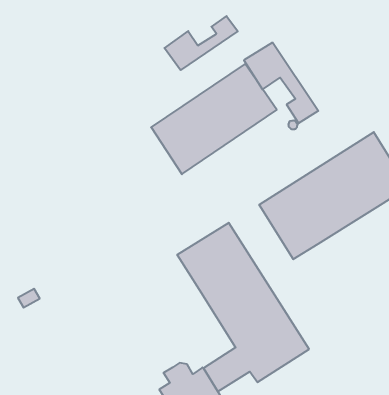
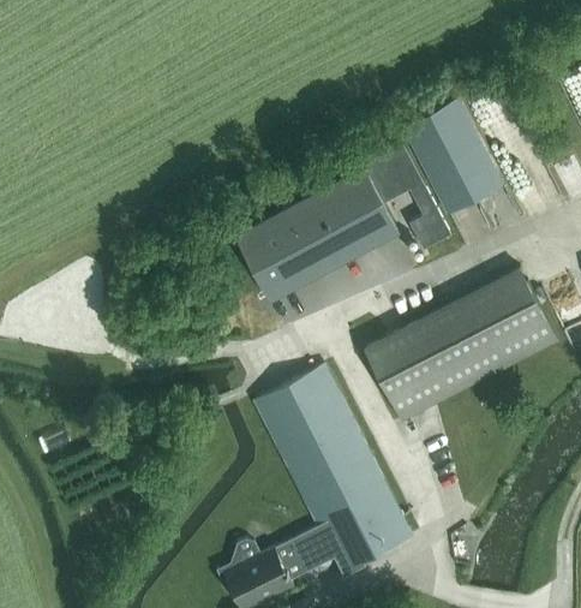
building: none -> [402,100,503,215]
building: [164,16,238,70] -> none

